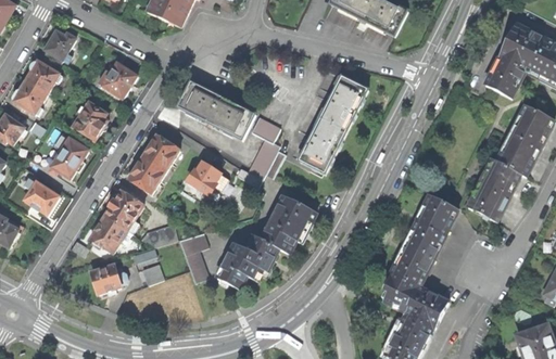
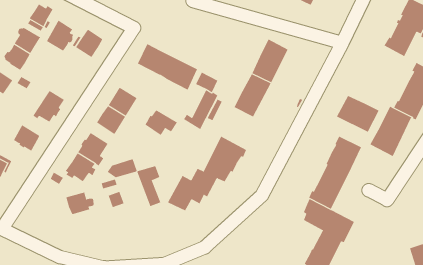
building: [74,102,109,141] -> [46,20,74,52]
building: none -> [336,95,380,133]

